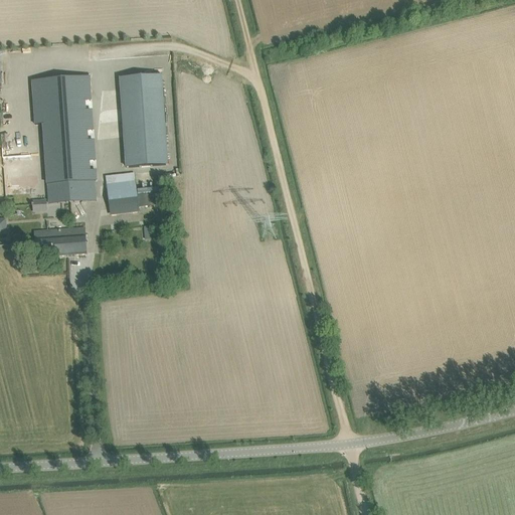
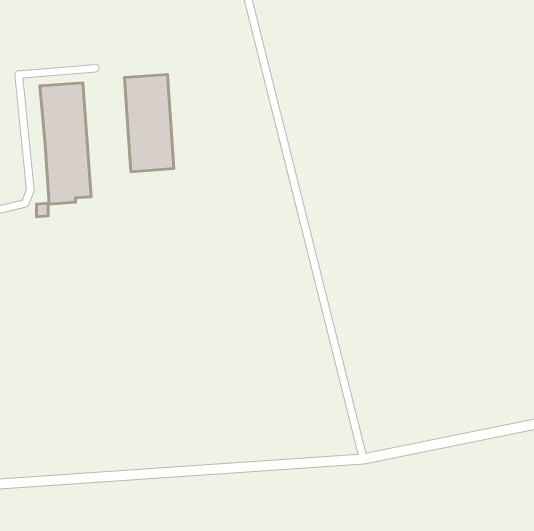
building: [106,177,147,205] -> none
building: [33,225,87,254] -> none

